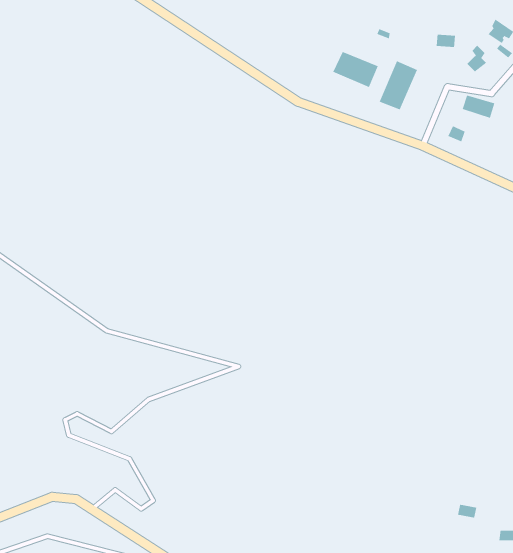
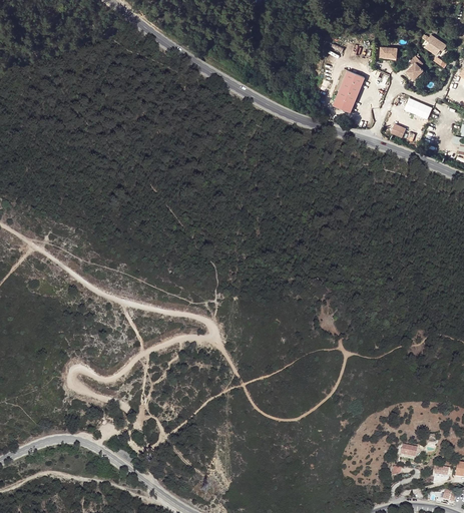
building: [333,51,378,88] -> none

